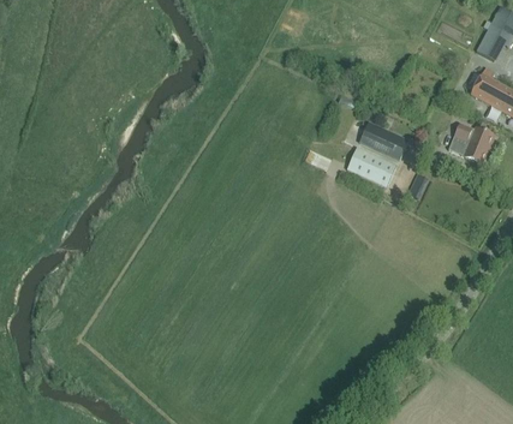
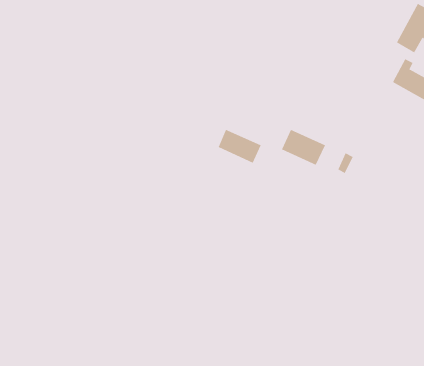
building: [359,120,408,159] -> [218,129,262,163]
building: [452,123,495,162] -> none

